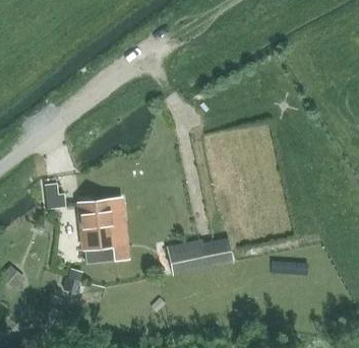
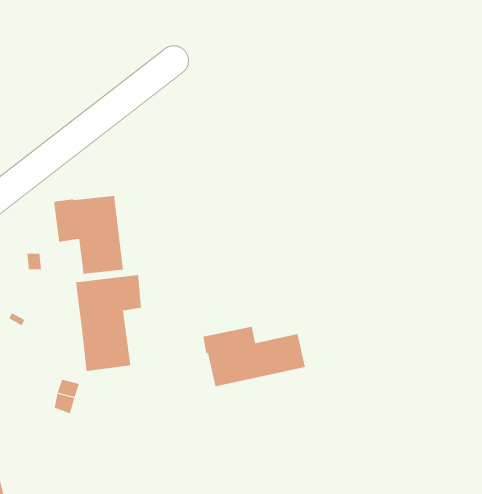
building: none -> [54,195,123,275]

